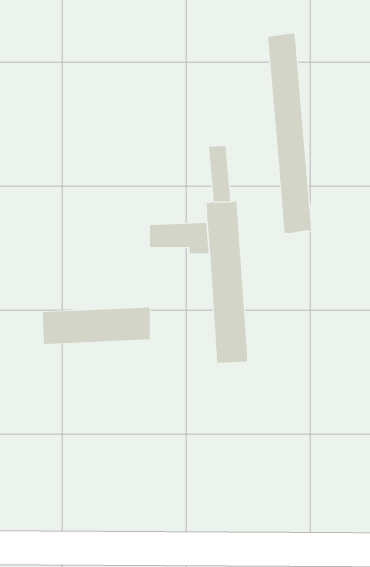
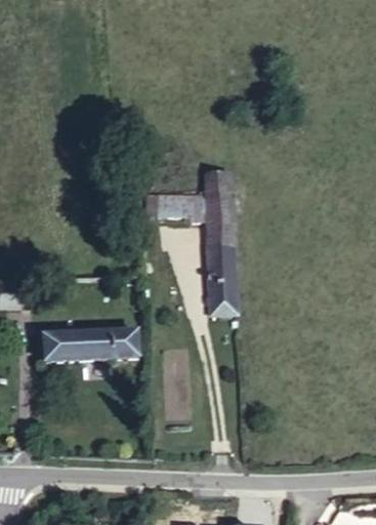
building: [267,33,312,234] -> none
building: [42,307,150,344] -> [49,326,141,358]

